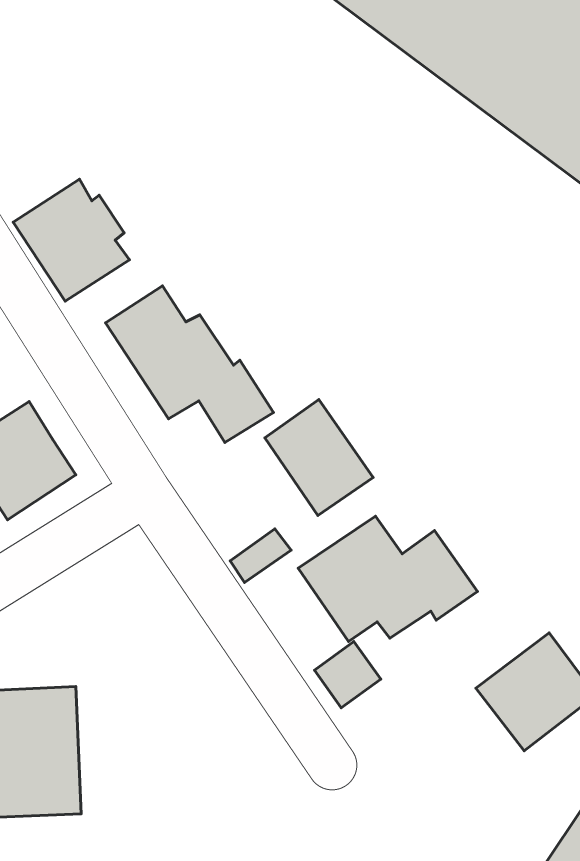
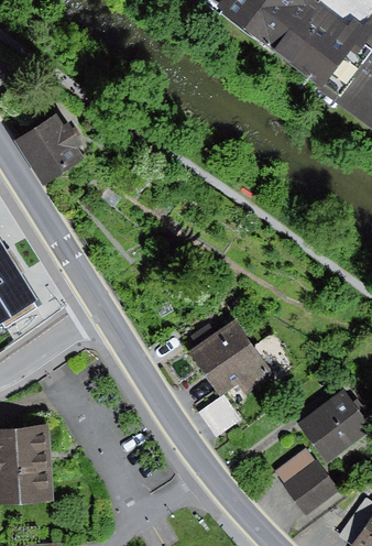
building: [106,286,273,442] -> none
building: [265,399,373,515] -> none
building: none -> [272,448,337,514]

